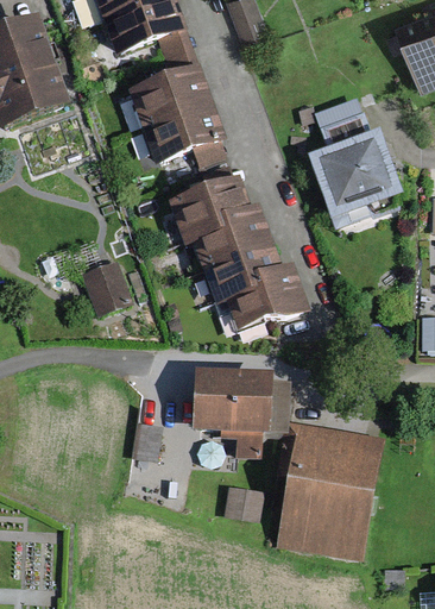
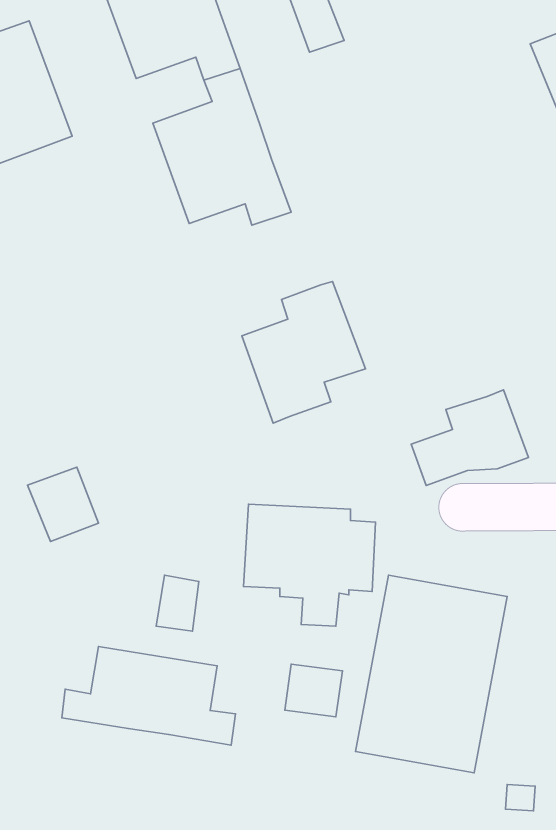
building: [309,96,402,228] -> none
building: [168,177,250,246] -> none
building: [80,262,131,315] -> [28,467,98,541]
building: [227,263,311,332] -> [411,390,528,485]
building: none -> [62,646,235,745]

